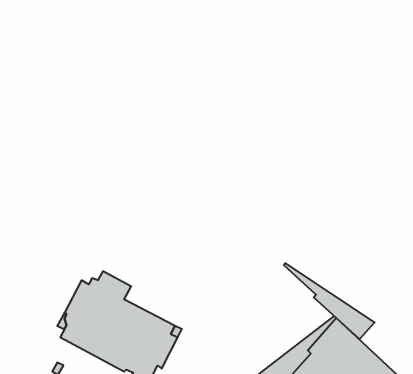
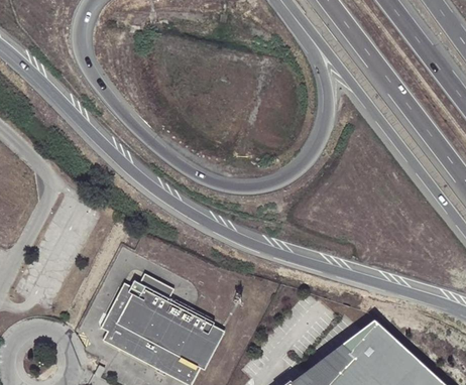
building: [284,263,375,339] -> none

